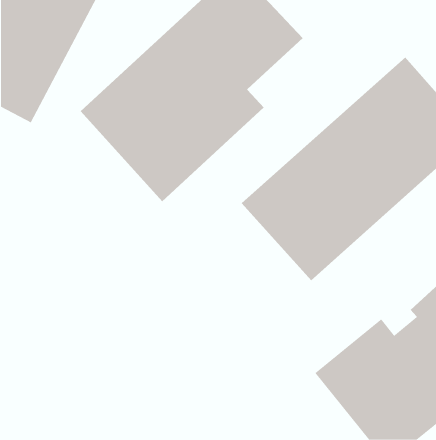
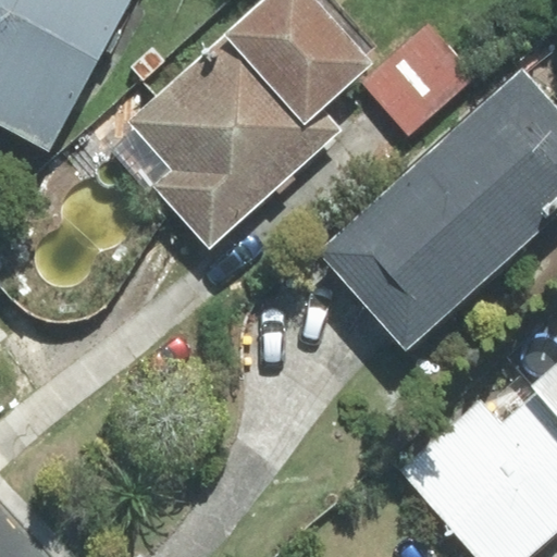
building: none -> [361,14,483,135]

